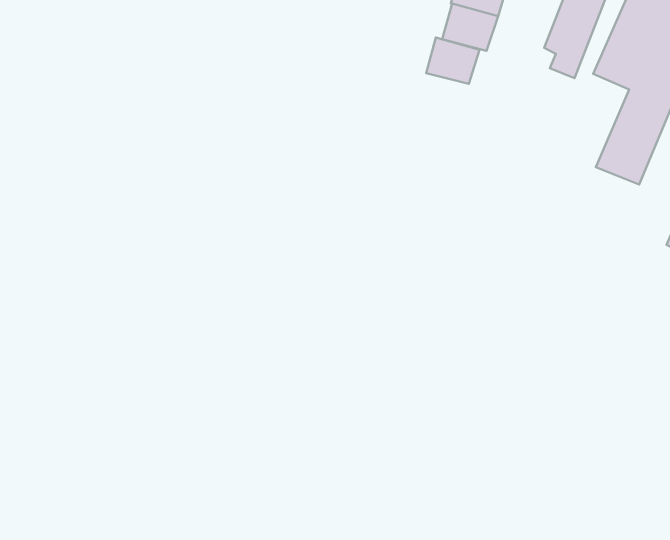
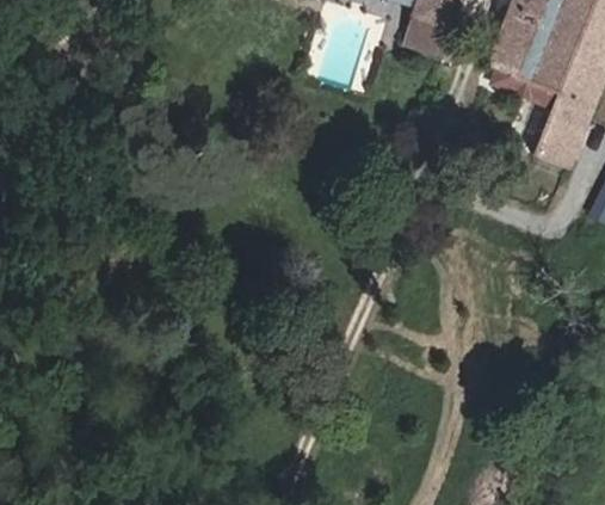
building: [426,38,480,84] -> none

